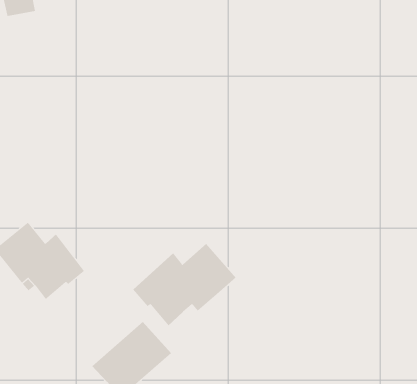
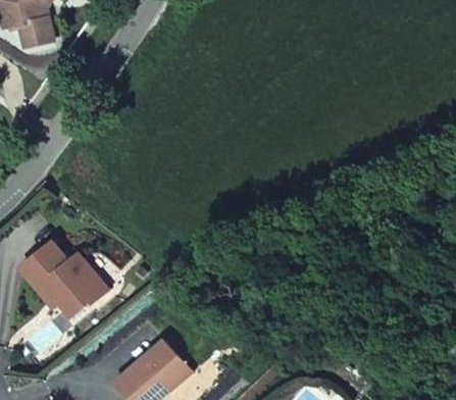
building: [132,243,237,326] -> none

